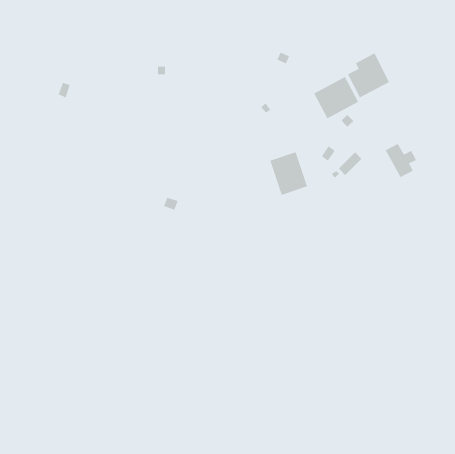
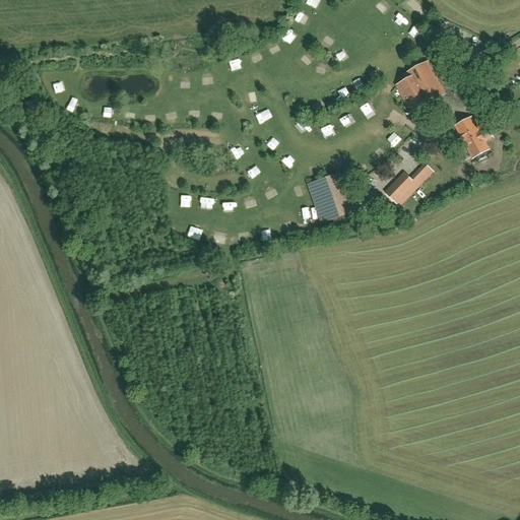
building: [314,76,359,119] -> none
building: [385,143,417,178] -> [455,117,492,156]

